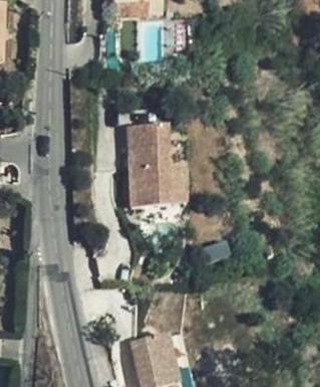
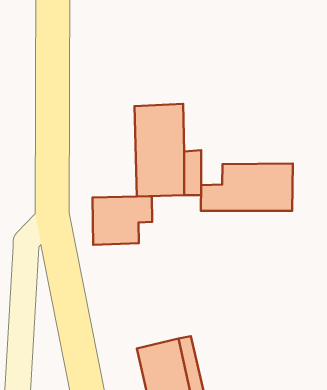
building: none -> [201,163,293,211]
building: none -> [93,196,152,245]

